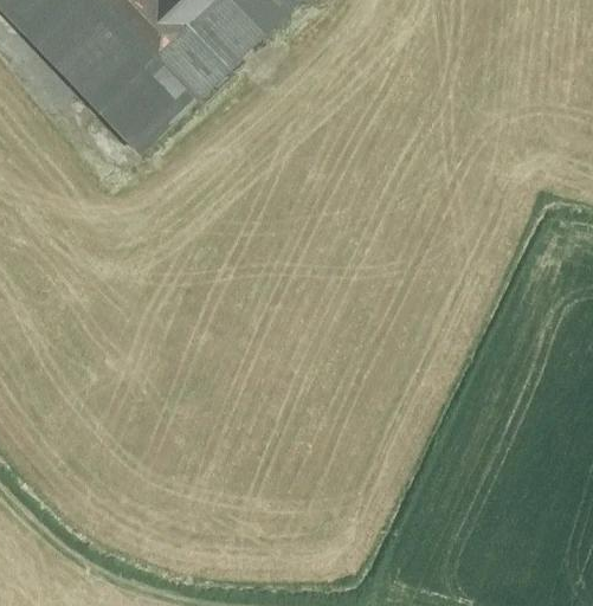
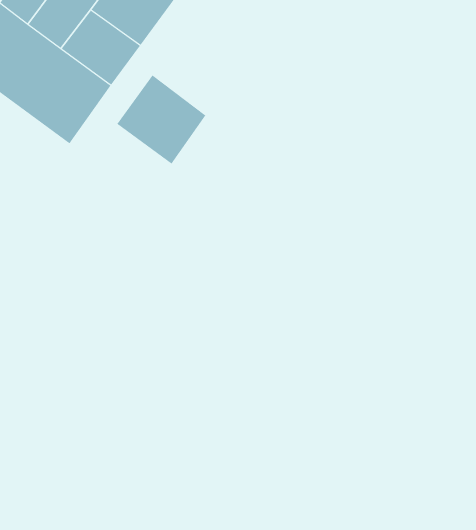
building: none -> [116,75,206,164]

